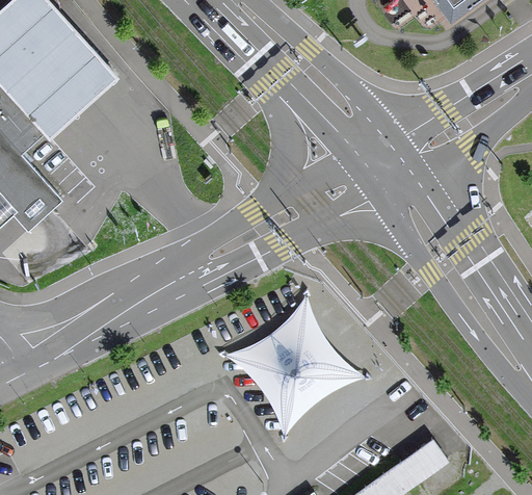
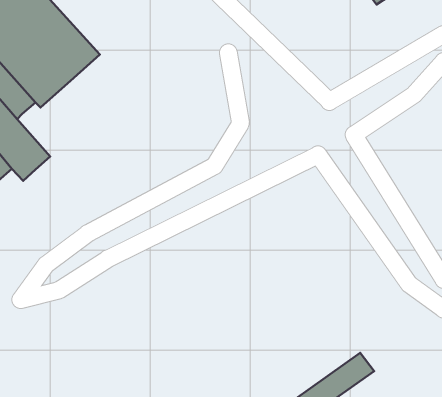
building: [214,292,364,436] -> none

